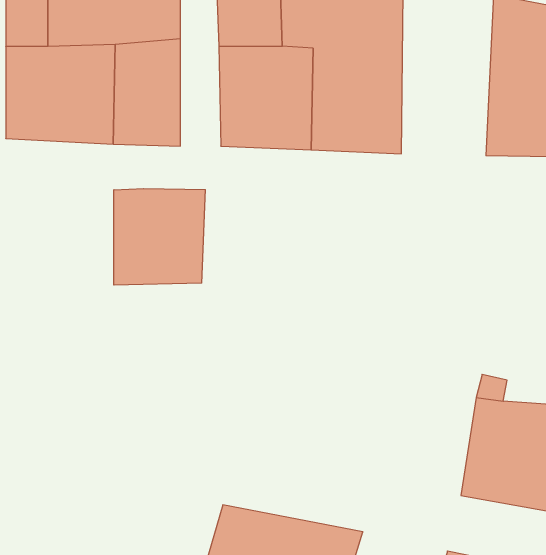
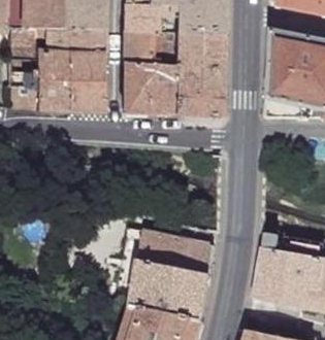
building: [114,189,205,285] -> none
building: none -> [127,232,215,319]

